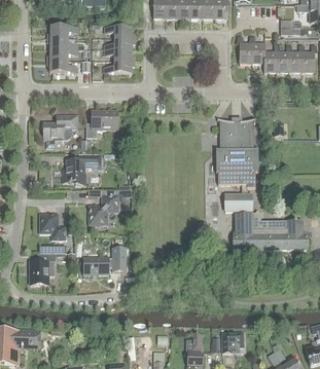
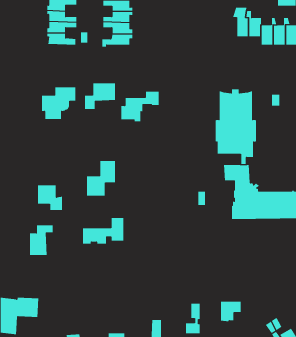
building: [62,154,101,185] -> [121,91,159,122]

